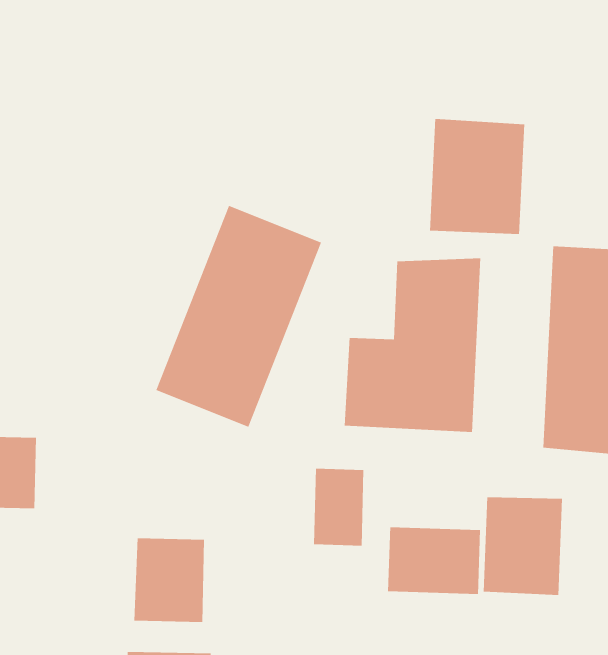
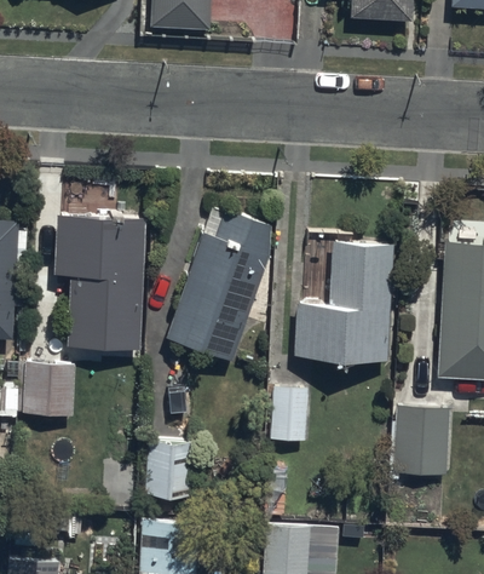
building: [429,118,525,235] -> none
building: none -> [62,209,145,349]
building: [388,526,481,595] -> none

